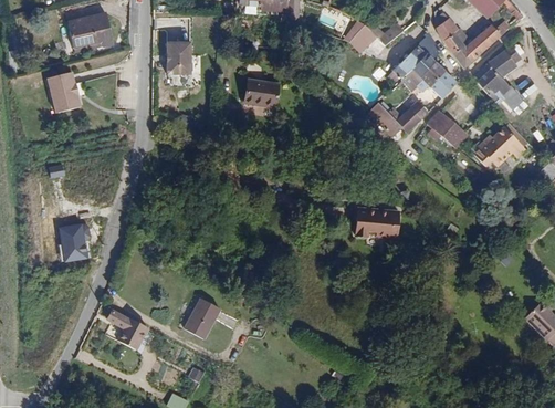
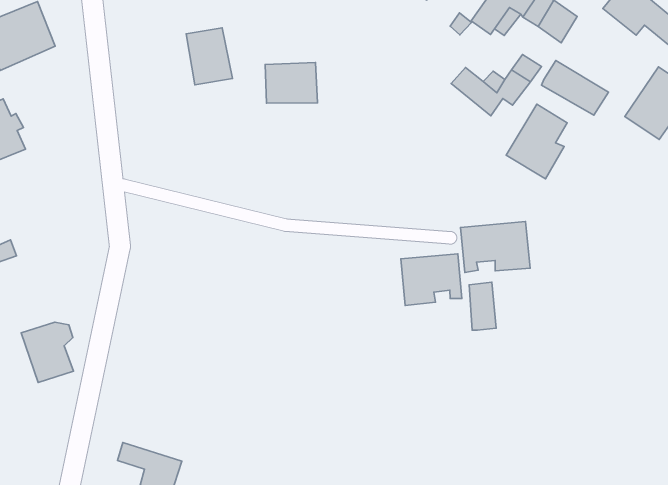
building: [167,41,192,75] -> [186,28,233,85]
building: none -> [506,104,567,179]
building: none -> [401,254,462,305]
building: none -> [469,282,496,330]
building: [182,297,222,342] -> none

